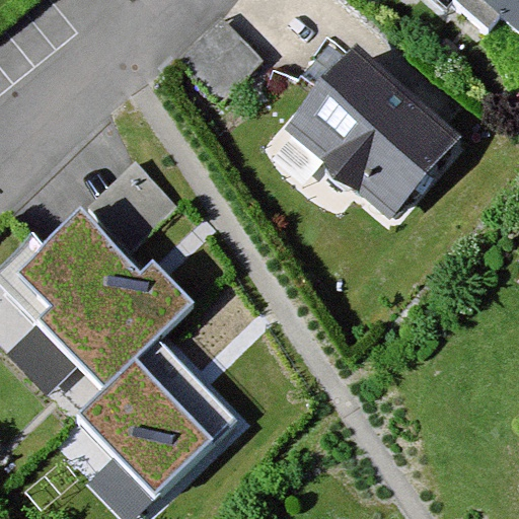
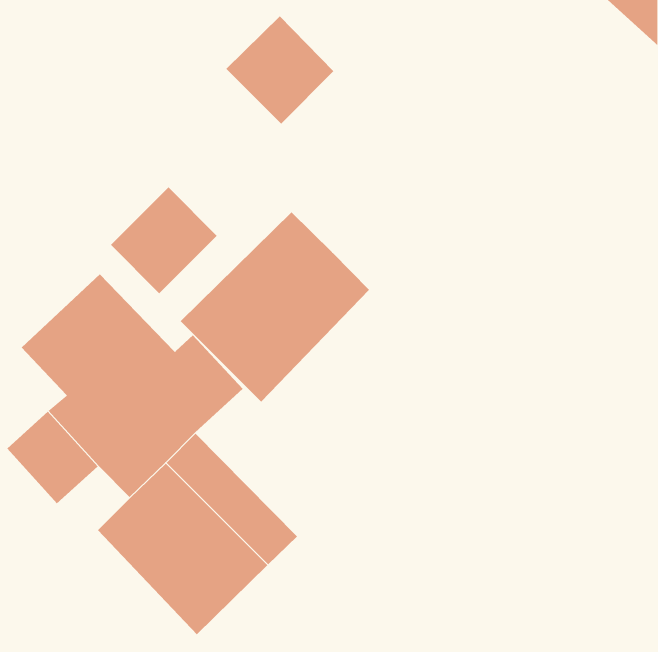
building: [292,51,458,214] -> none
building: none -> [180,212,370,402]

